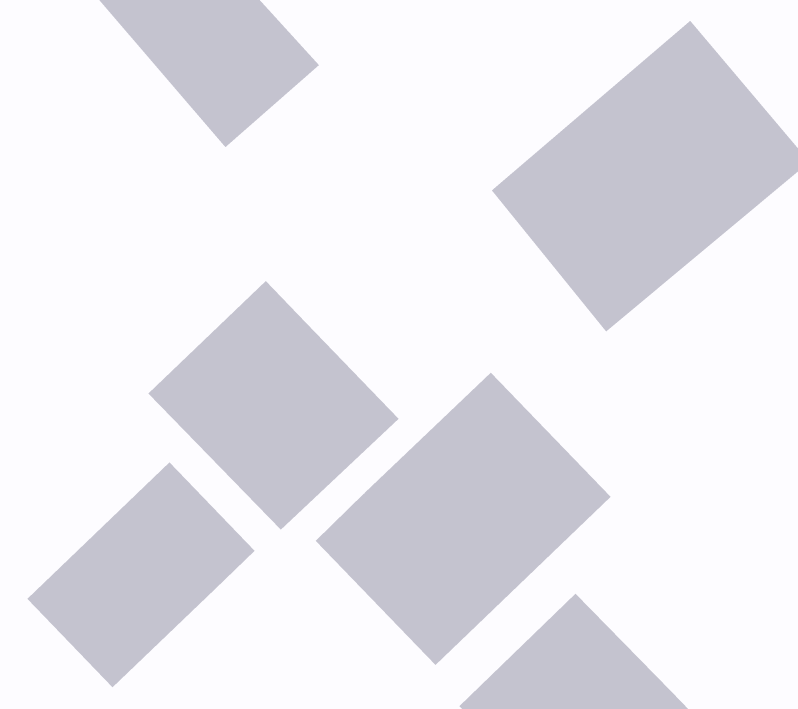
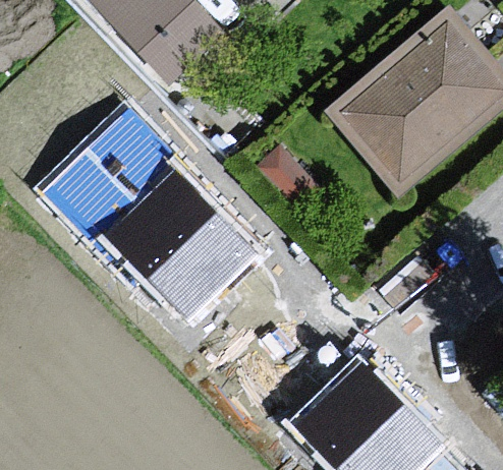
building: [315,372,612,666] -> none
building: [27,462,255,688] -> none

